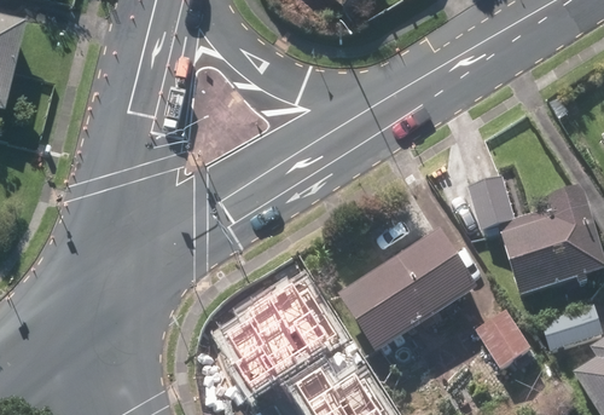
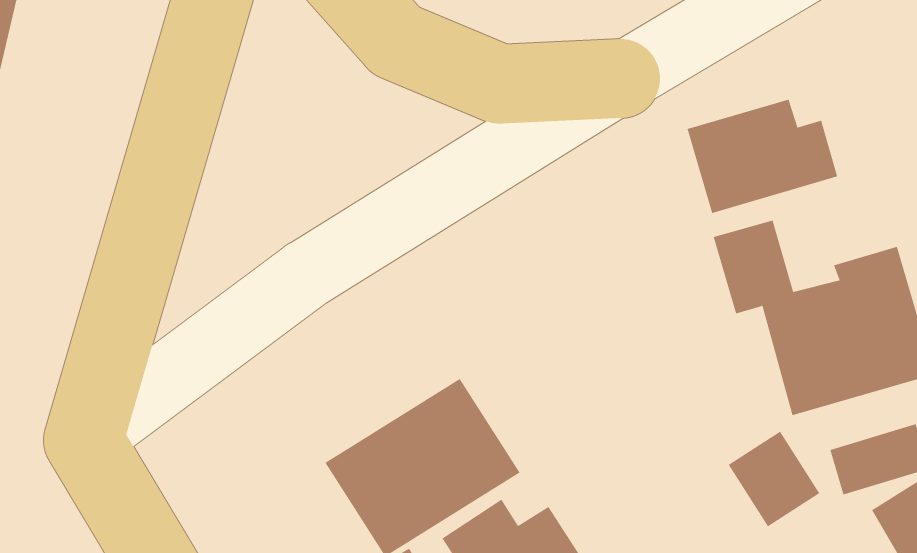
building: none -> [687,99,838,214]
building: [337,229,478,379] -> none

